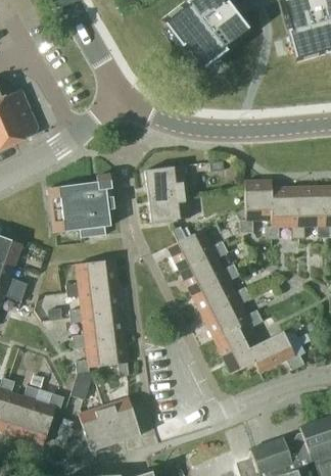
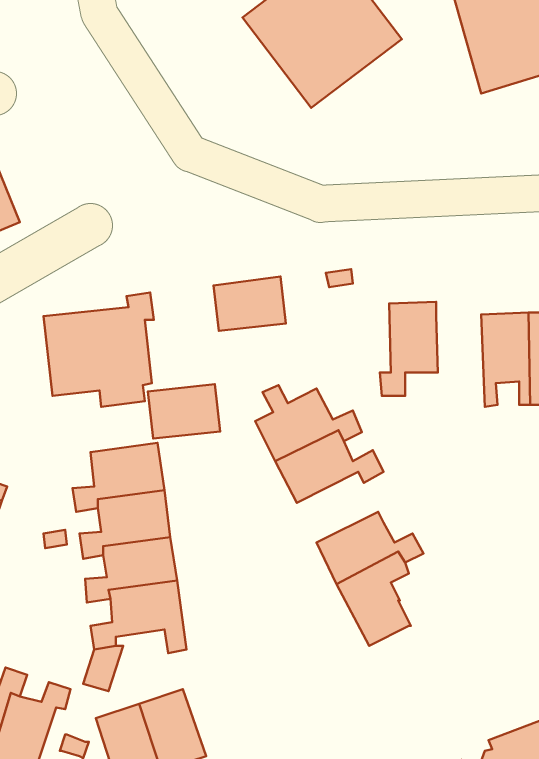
building: [266,186,298,239] -> none
building: [148,191,189,222] -> [148,384,220,439]
building: [192,275,252,315] -> none
building: [249,330,305,372] -> none

